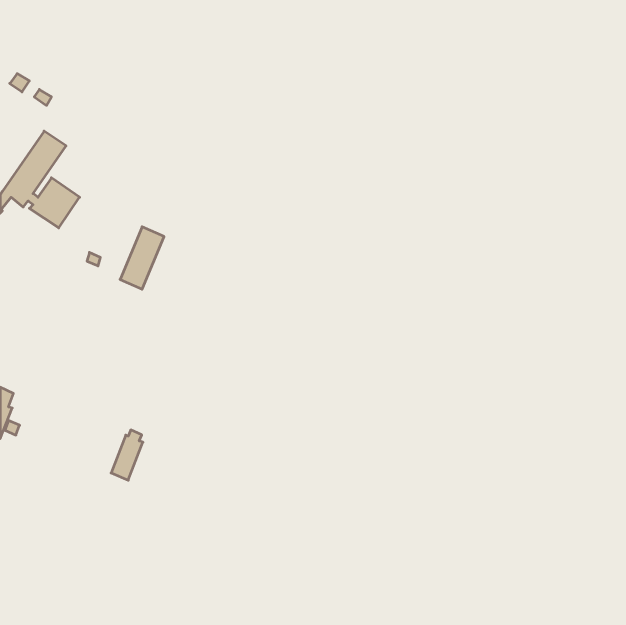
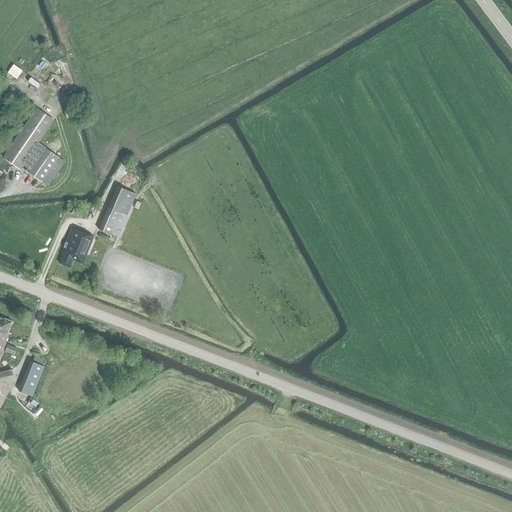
building: none -> [58,227,94,267]
building: [111,430,143,480] -> [18,355,44,396]

